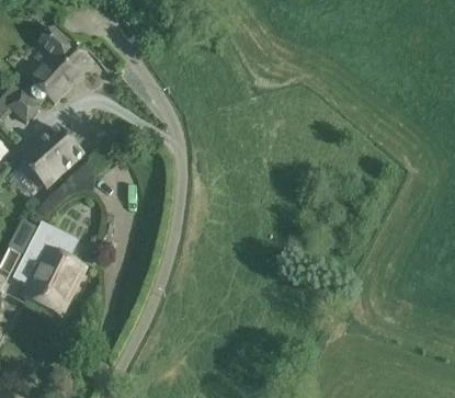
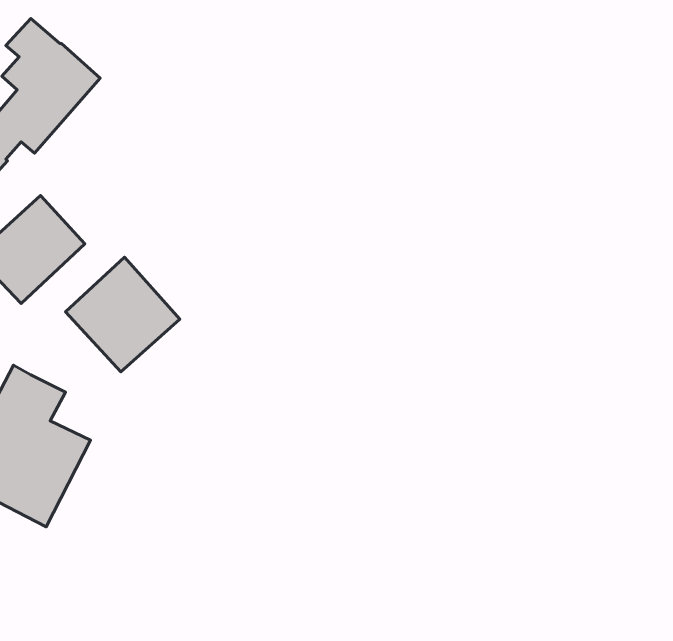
building: none -> [66,257,180,372]

